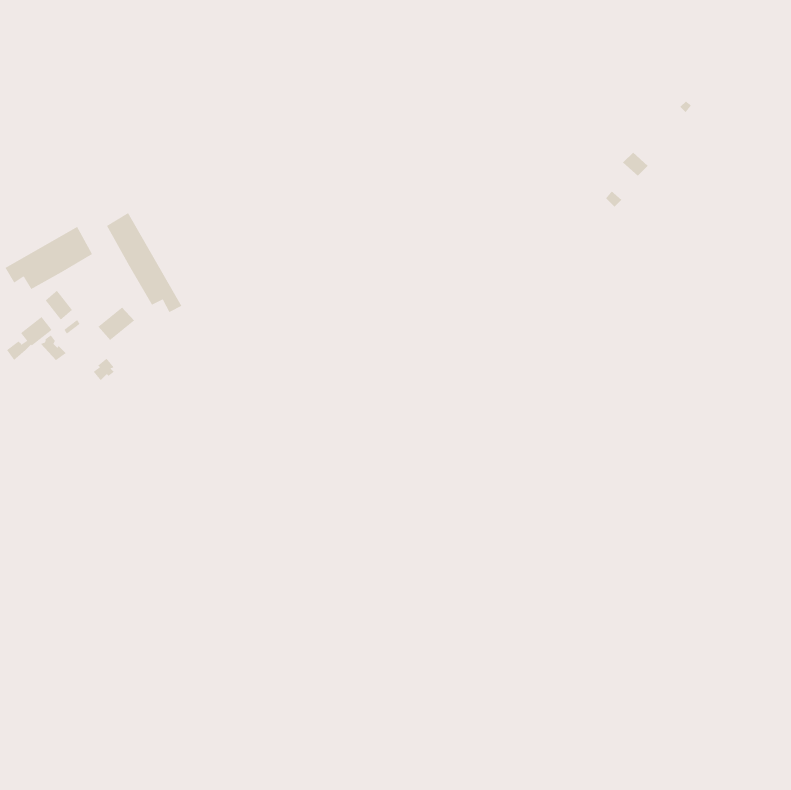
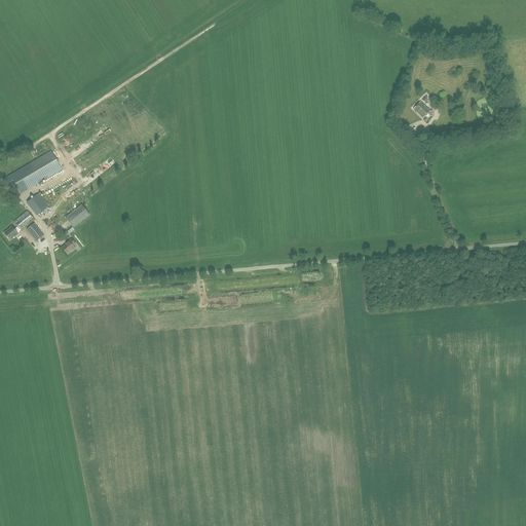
building: [106,212,182,313] -> none

